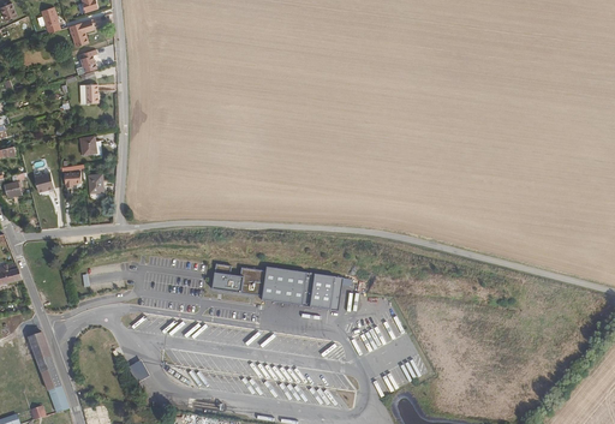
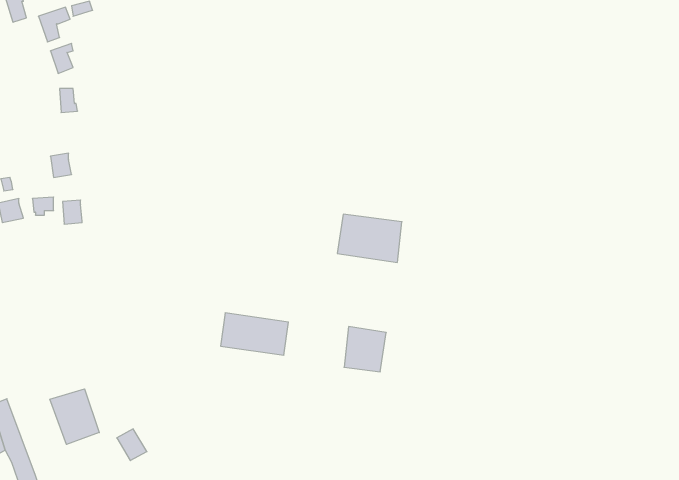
building: [263,268,315,306] -> [337,214,402,262]
building: none -> [50,389,99,444]

